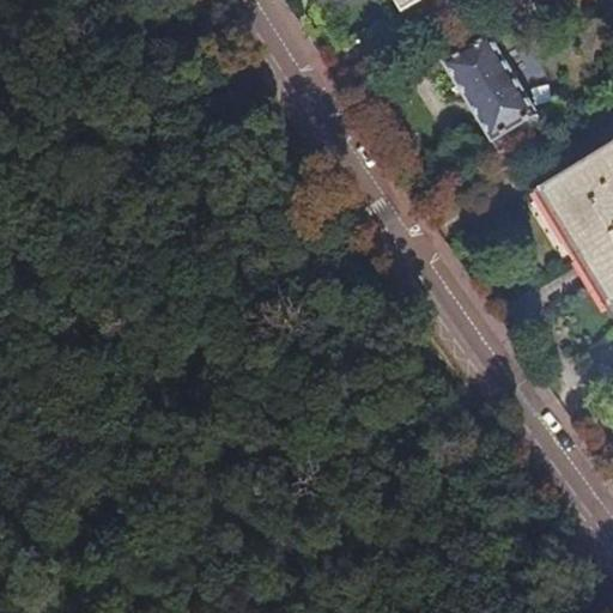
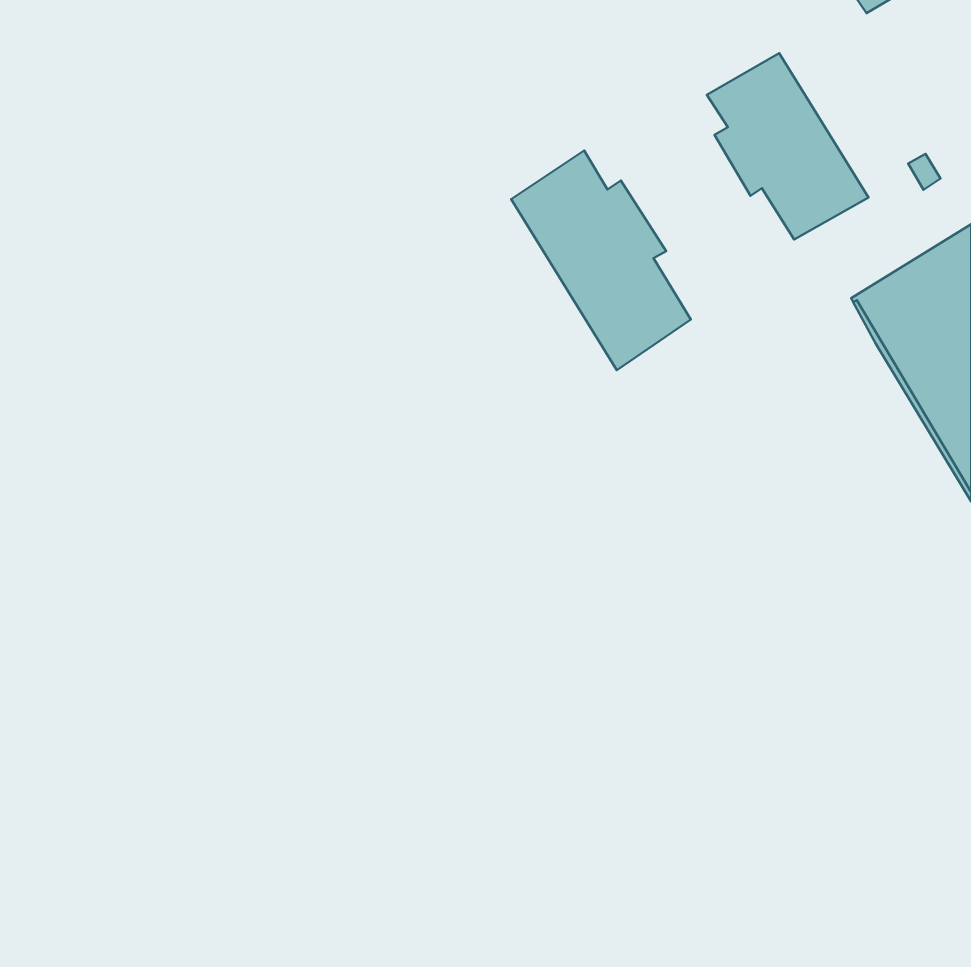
building: none -> [511,150,691,370]

